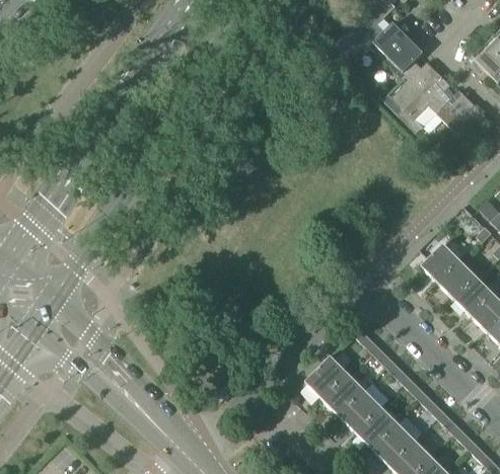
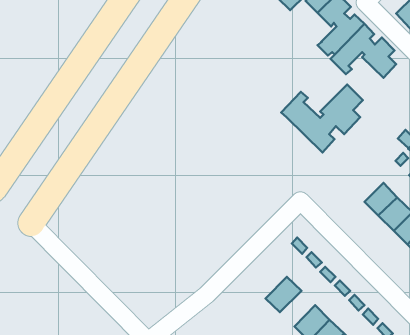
building: none -> [281,84,363,153]
building: [421,243,461,284] -> none
building: [305,356,347,398] -> none
building: [339,389,392,431] -> none

